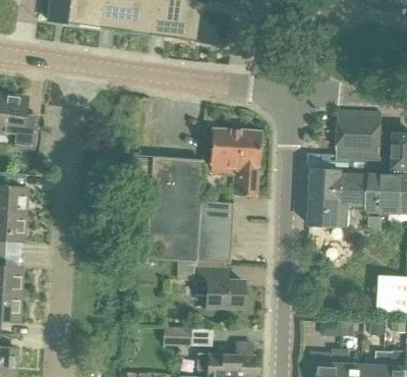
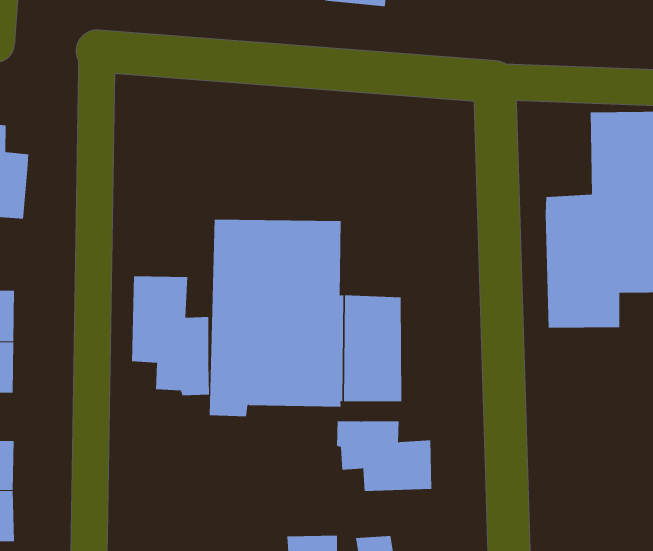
building: [209,127,259,196] -> none
building: none -> [132,276,209,396]

